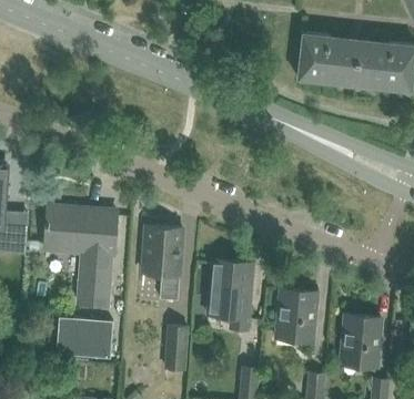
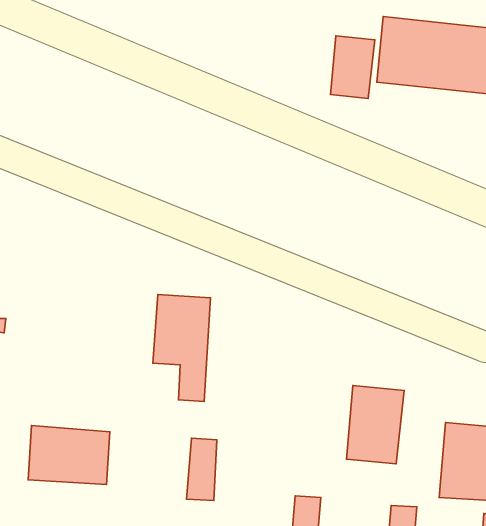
building: none -> [330,36,375,99]
building: [46,206,117,308] -> none
building: [209,263,253,331] -> none

